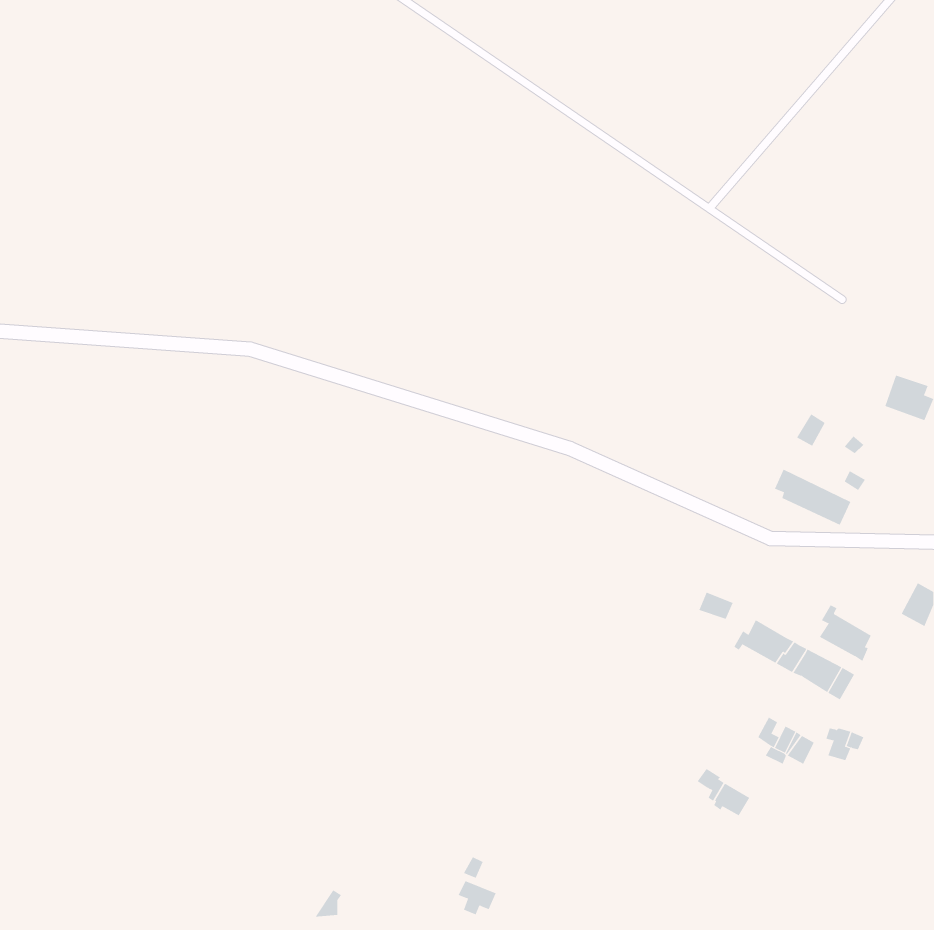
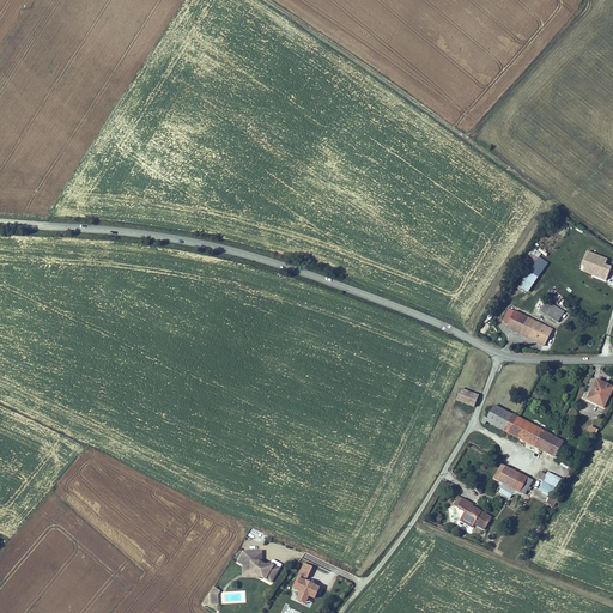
building: [819,604,871,662] -> none
building: none -> [241,545,283,576]

